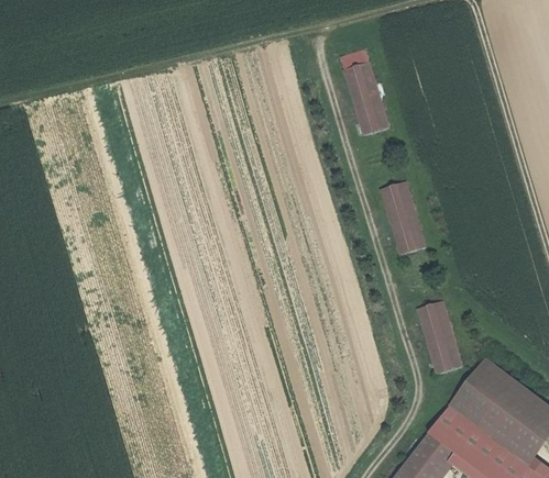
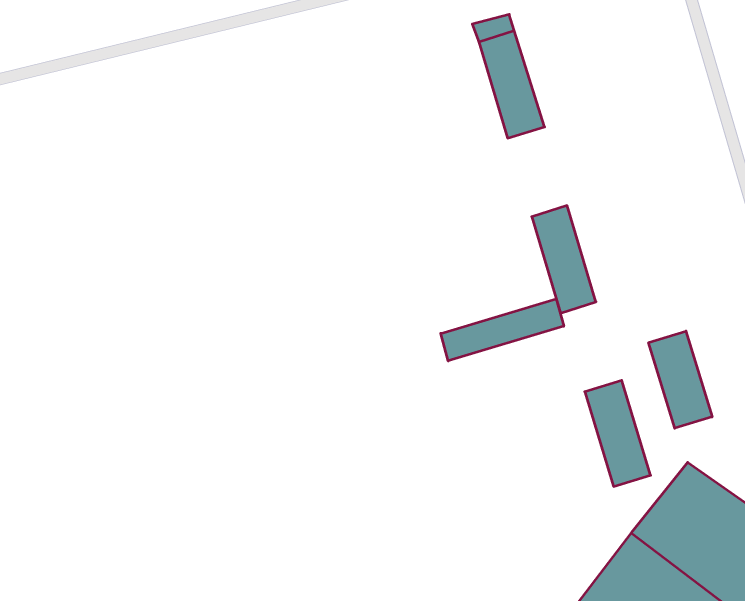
building: none -> [441,299,564,361]
building: none -> [649,331,712,428]

